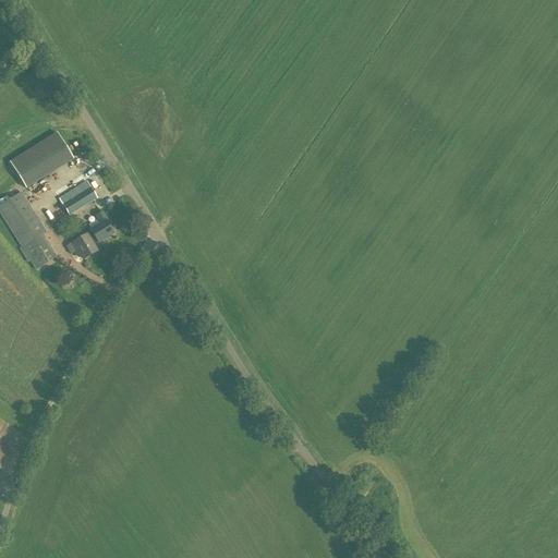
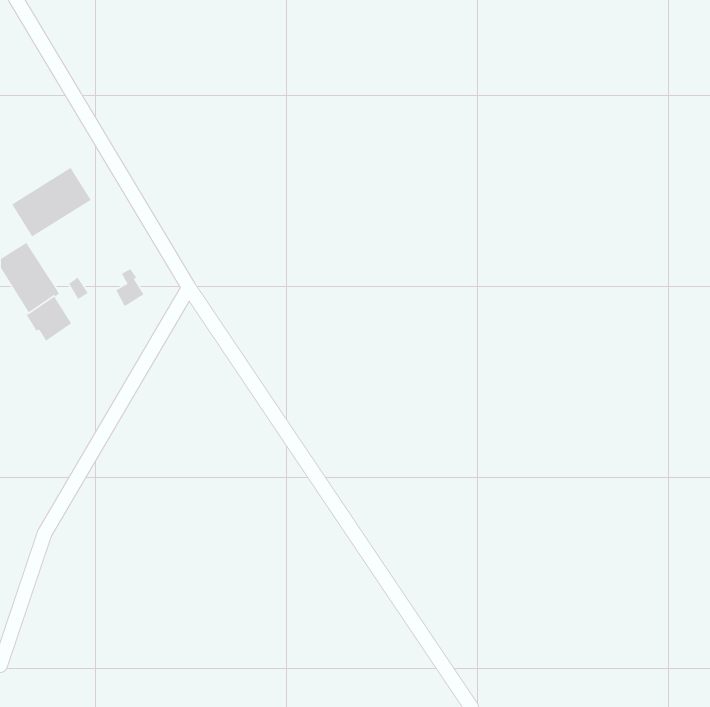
building: [58,179,97,215] -> none
building: [70,230,97,258] -> none

